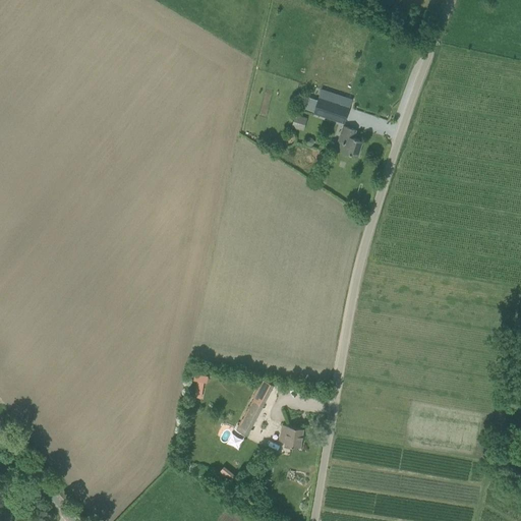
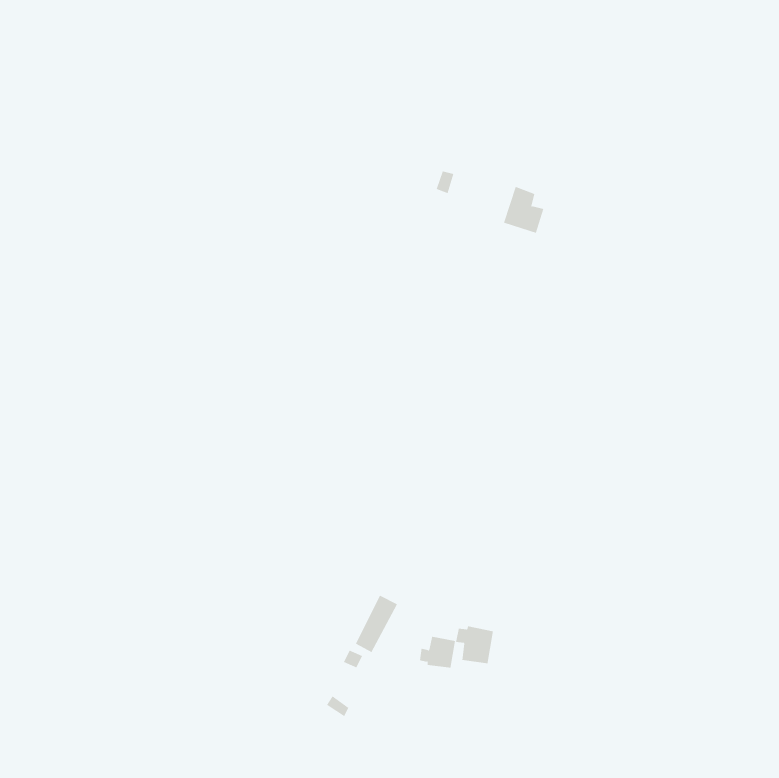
building: [313,97,350,123] -> none
building: none -> [456,625,493,664]

